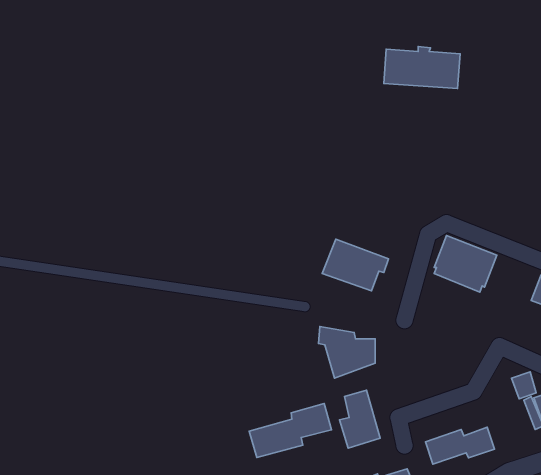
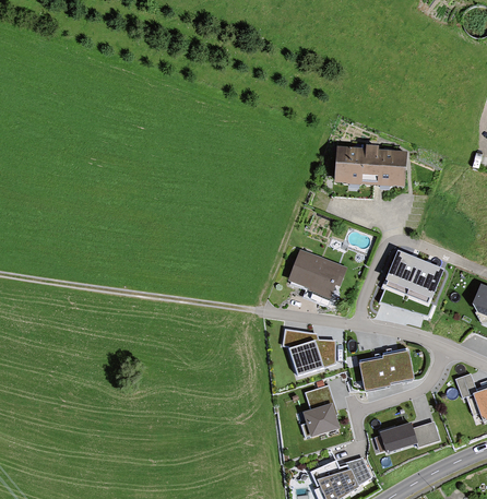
building: [384,47,460,88] -> [336,147,404,185]
building: none -> [361,353,412,390]
building: [249,403,332,458] -> none

